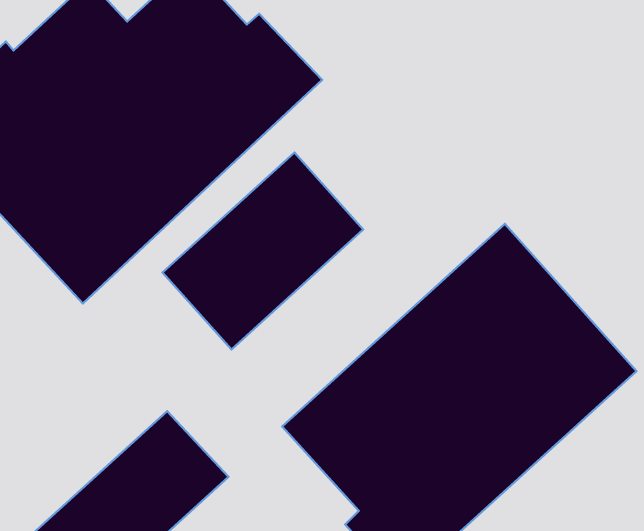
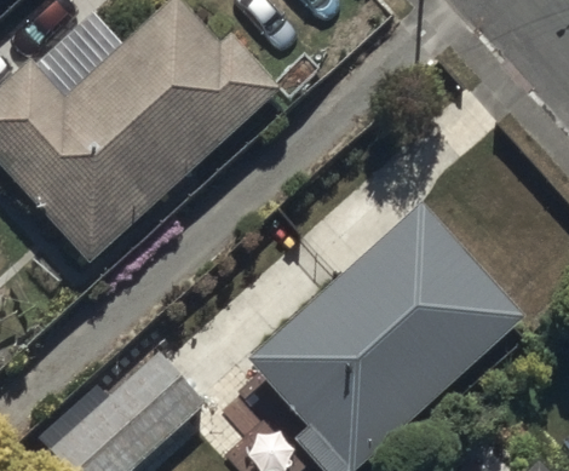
building: [163,153,363,349] -> none

